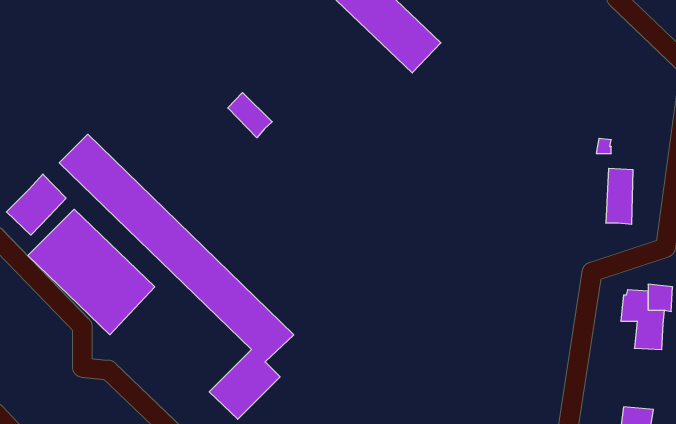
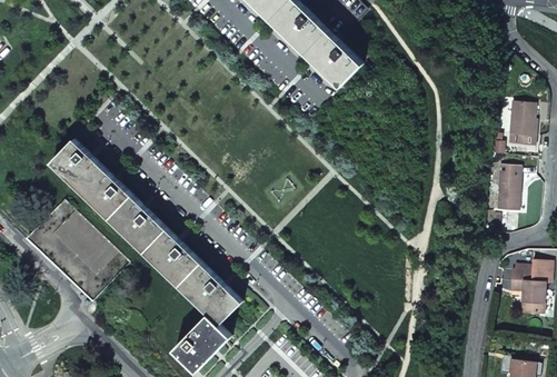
building: none -> [508,103,535,147]
building: [228,93,272,138] -> none
building: [6,174,66,235] -> none

